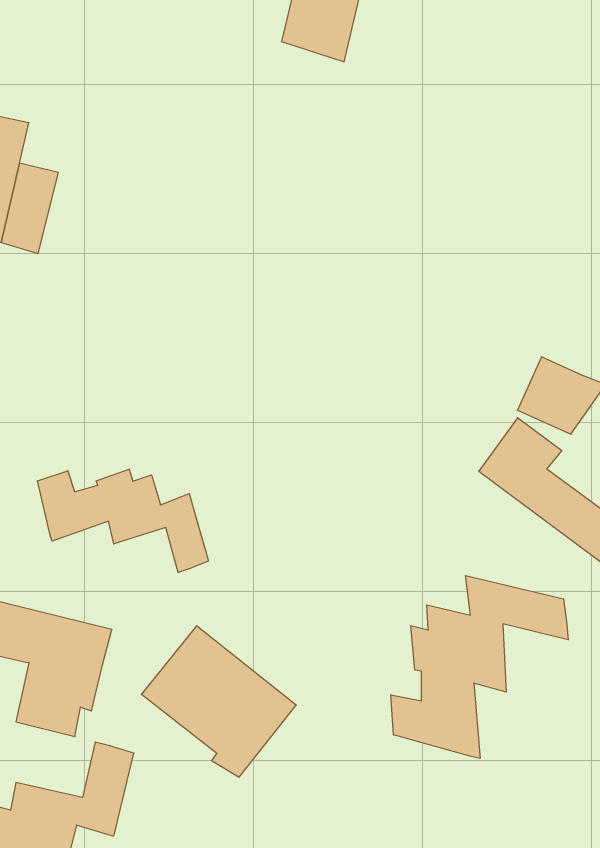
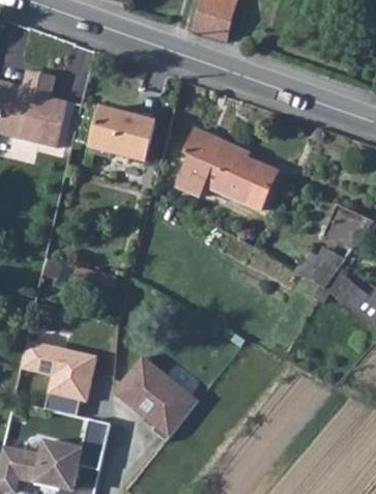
building: none -> [92,107,155,158]
building: none -> [177,127,277,210]
building: [37,469,209,573] -> none
building: [391,576,568,758] -> none

